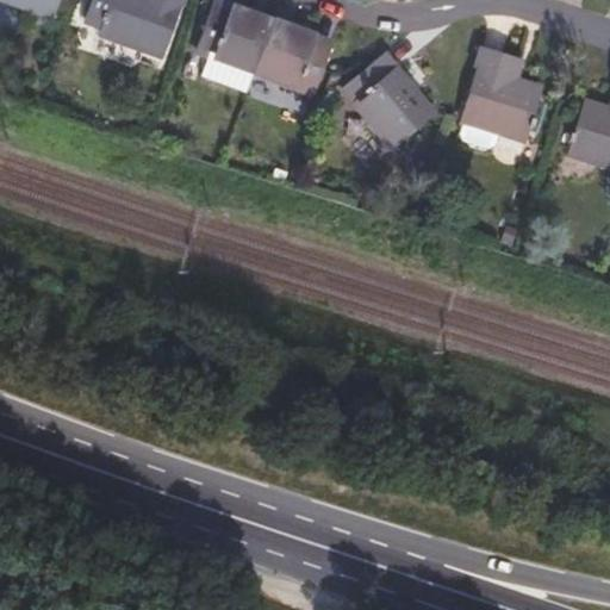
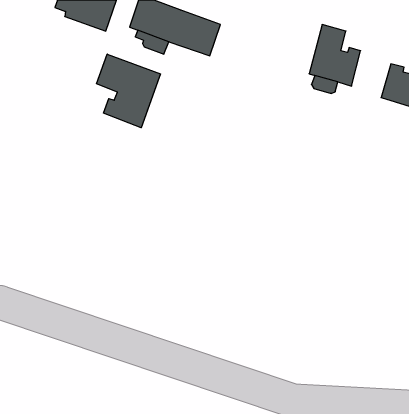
building: [349,52,436,143] -> none
building: none -> [96,54,160,128]

